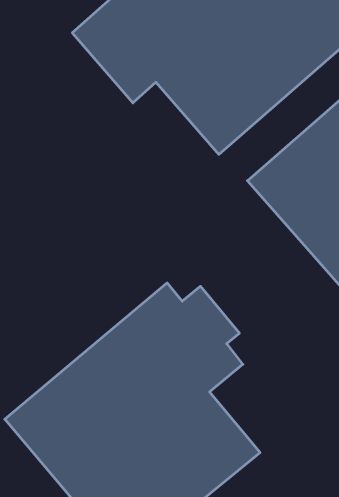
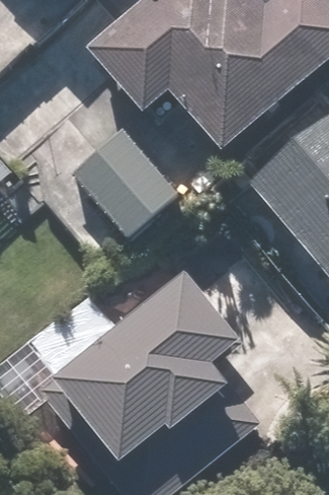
building: none -> [66,126,176,237]

